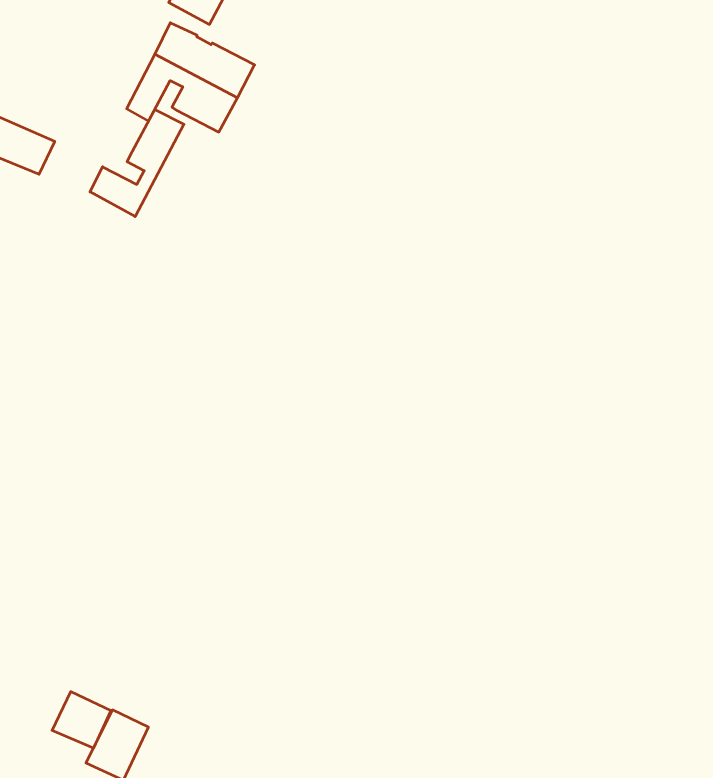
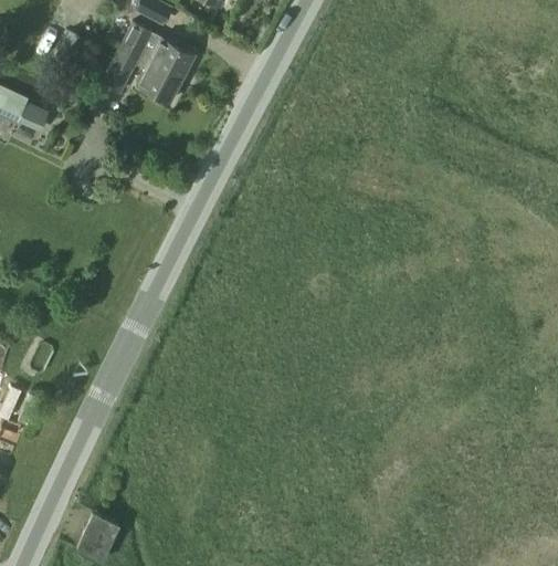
building: [90,109,184,217] -> none
building: [52,692,111,748] -> none

